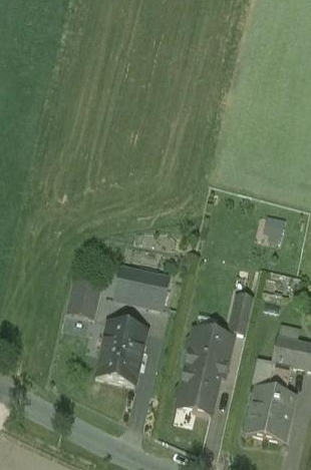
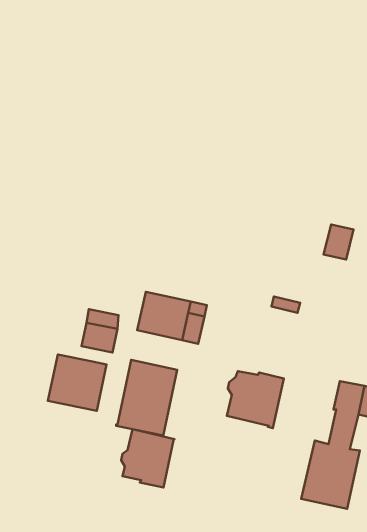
building: [229,293,253,332] -> none
building: none -> [48,354,107,411]
building: [177,365,220,412] -> [121,429,175,487]

